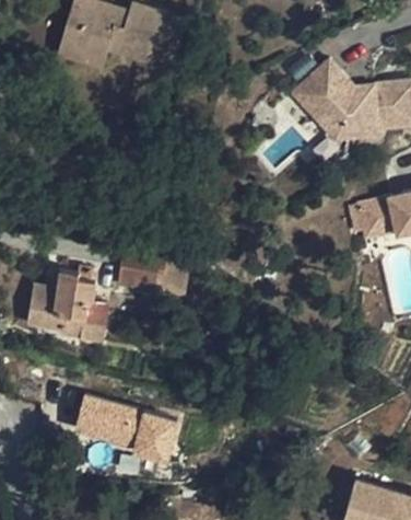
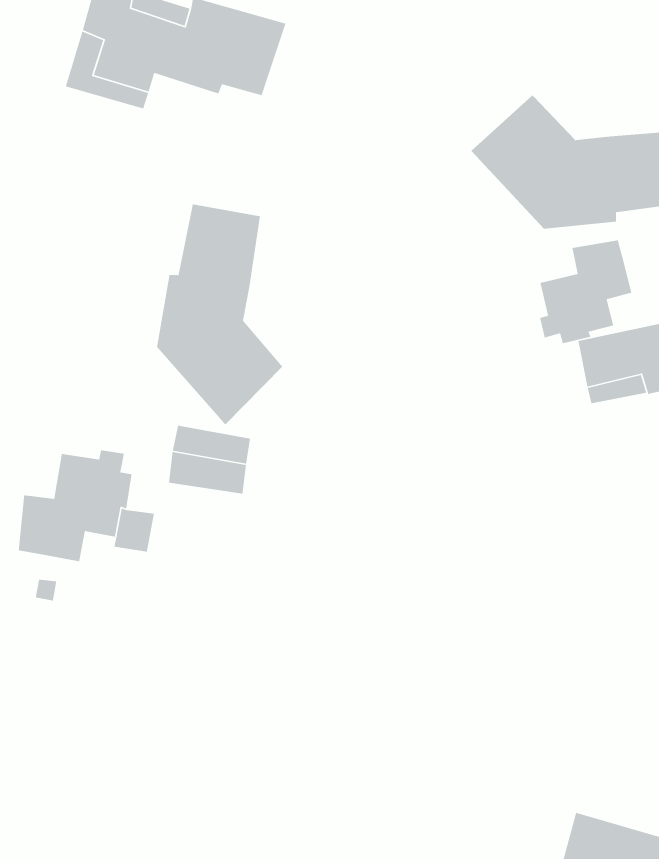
building: none -> [156,204,283,425]
building: none -> [539,239,632,344]
building: [70,392,179,467] -> none

